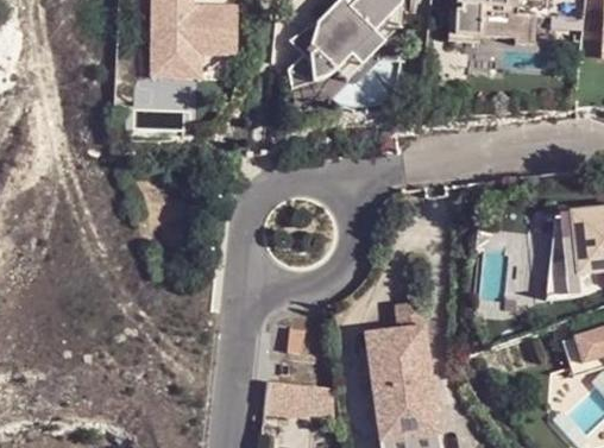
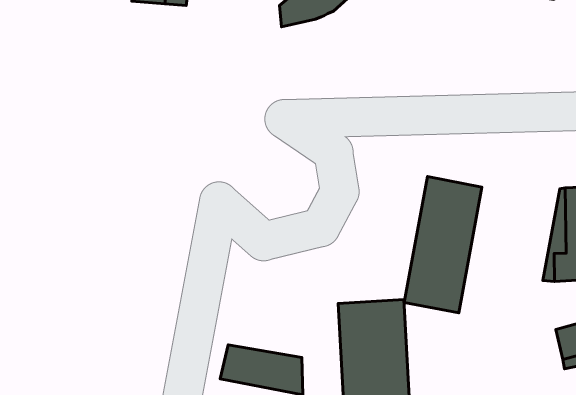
building: none -> [404,177,482,313]

